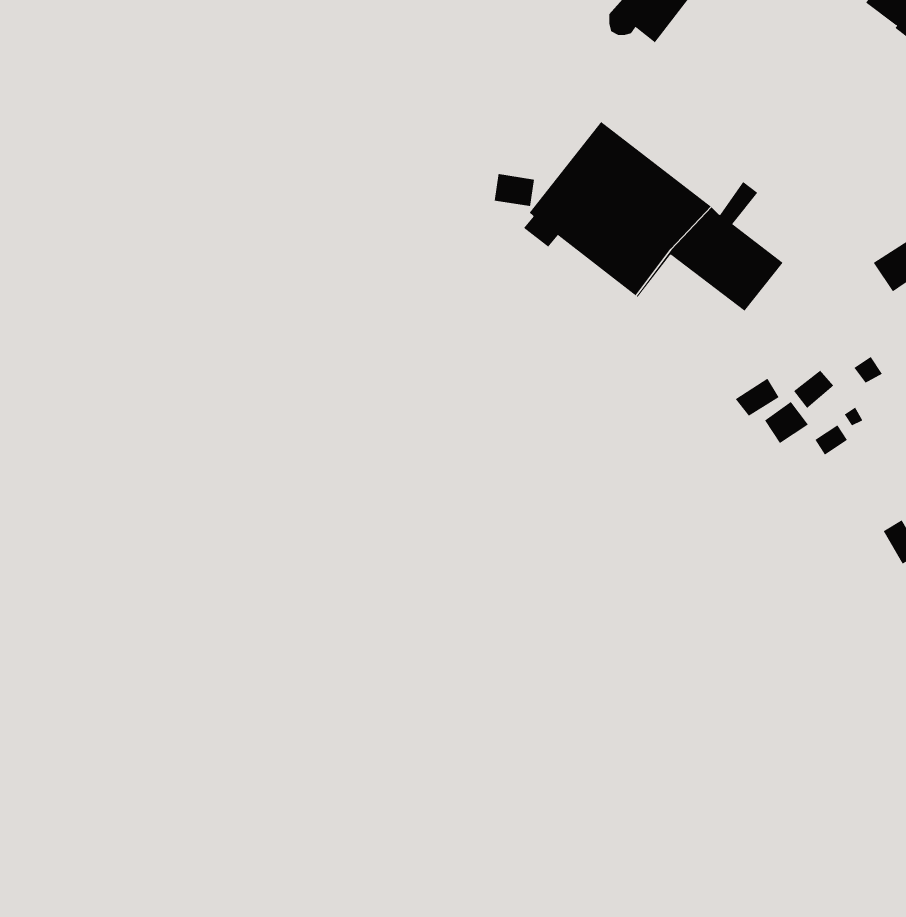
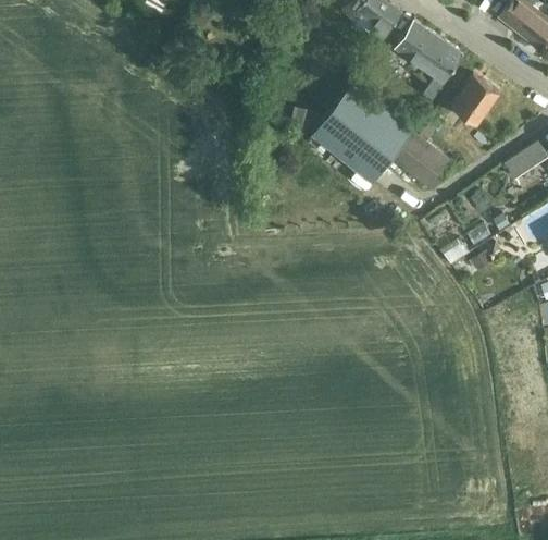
building: none -> [395,21,462,99]
building: none -> [450,75,498,124]

